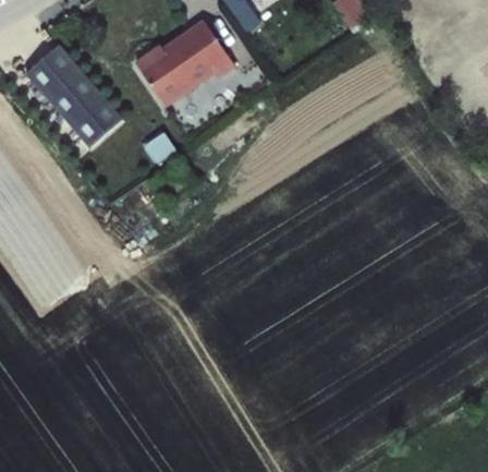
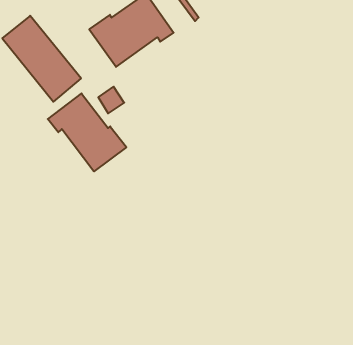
building: none -> [48,93,126,171]

